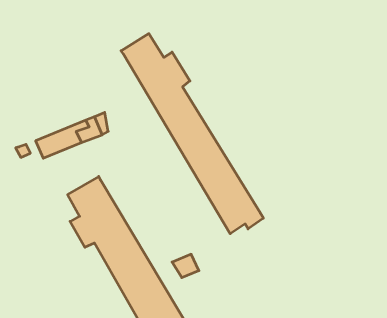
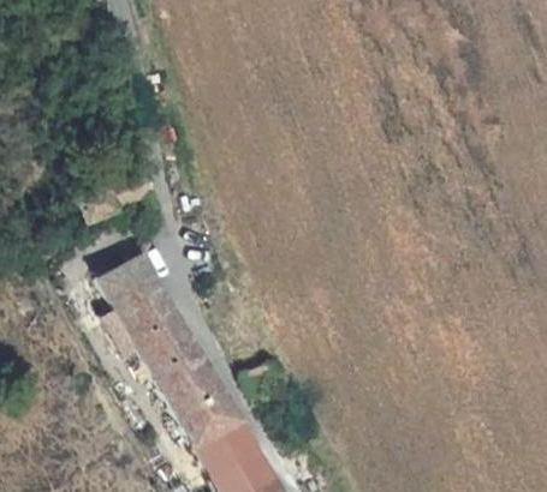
building: [121,34,263,234] -> none

